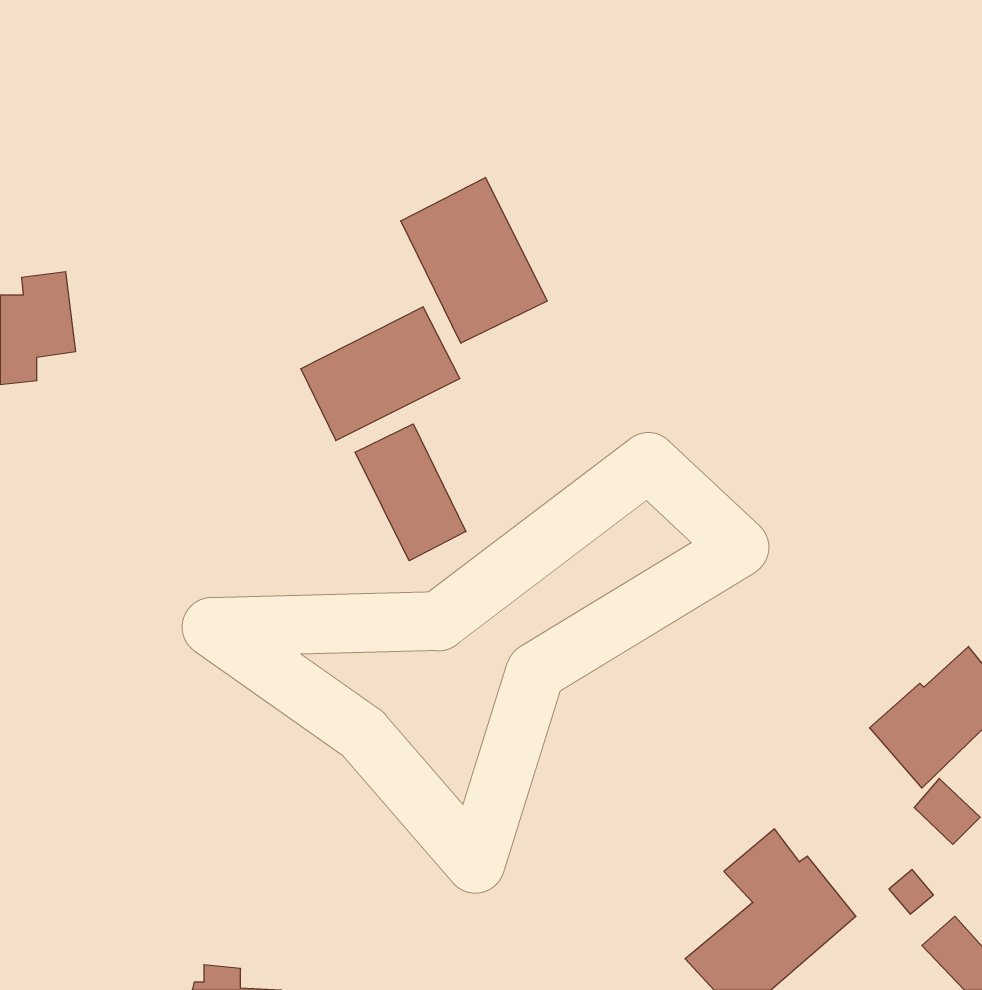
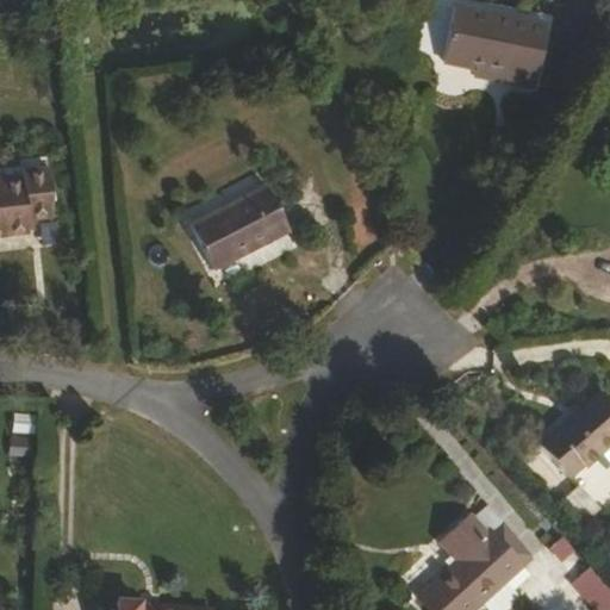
building: none -> [444,8,547,89]
building: [401,177,547,343] -> none
building: [355,424,466,561] -> none

